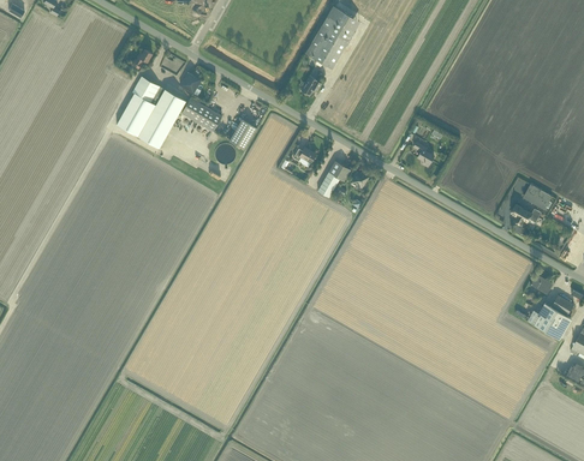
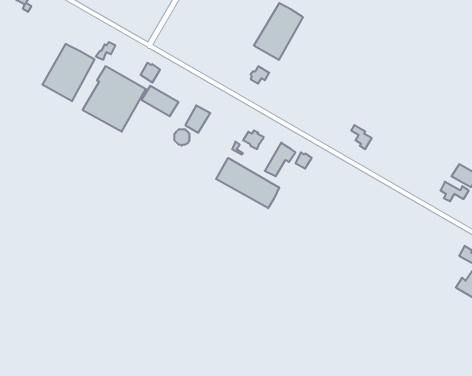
building: none -> [43,44,94,101]
building: none -> [216,158,279,208]

